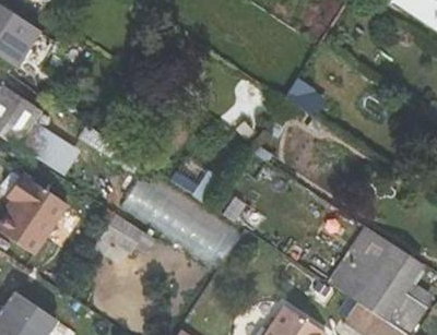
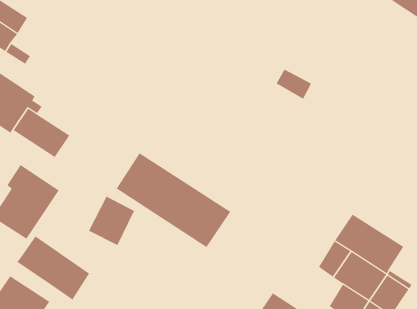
building: none -> [16,235,90,301]

